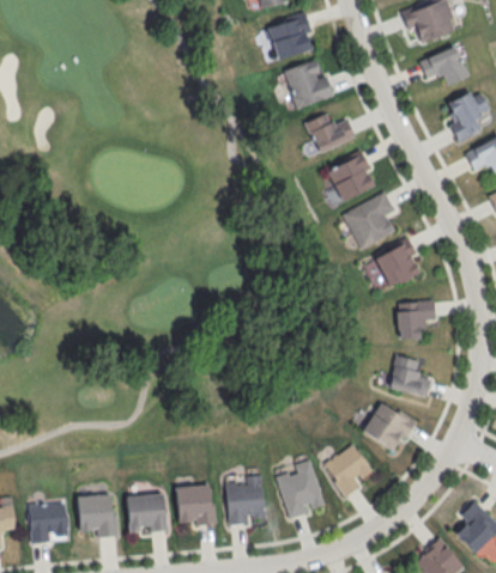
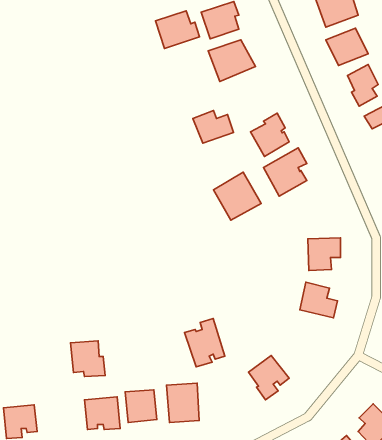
building: none -> [155,11,199,49]
building: [306,112,355,152] -> [193,111,233,143]
building: none -> [213,172,261,220]
building: [374,238,425,288] -> none
building: [362,400,416,453] -> none
building: [276,459,325,518] -> [184,319,225,367]
building: [77,494,119,537] -> [71,341,105,376]

